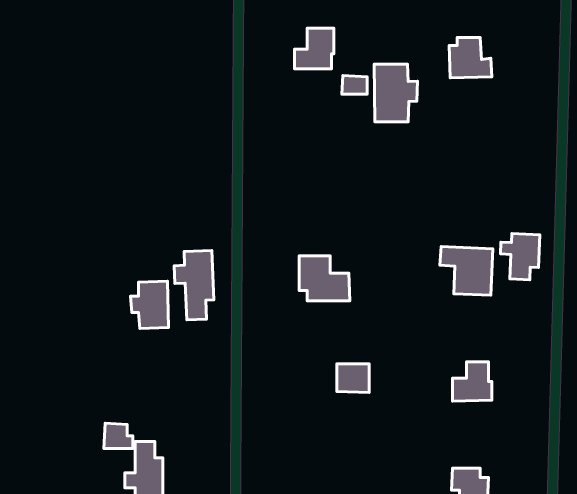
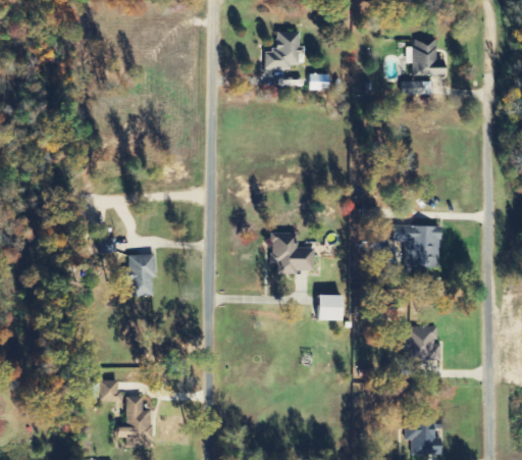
building: [374,64,417,122] -> none
building: [500,233,540,280] -> none
building: [174,250,214,320] -> none
building: [337,364,369,393] -> [317,295,346,320]

